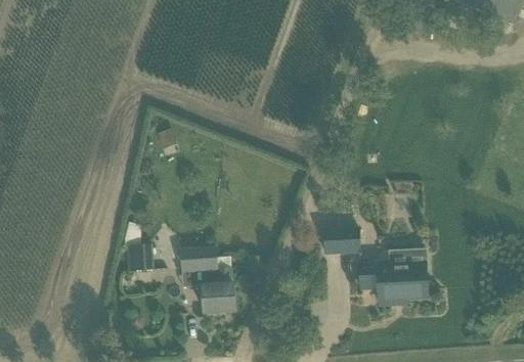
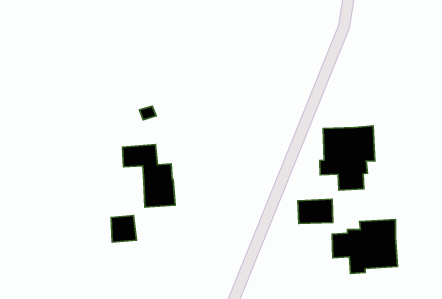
building: none -> [320,126,375,190]
building: [179,247,234,313] -> [122,144,175,207]

